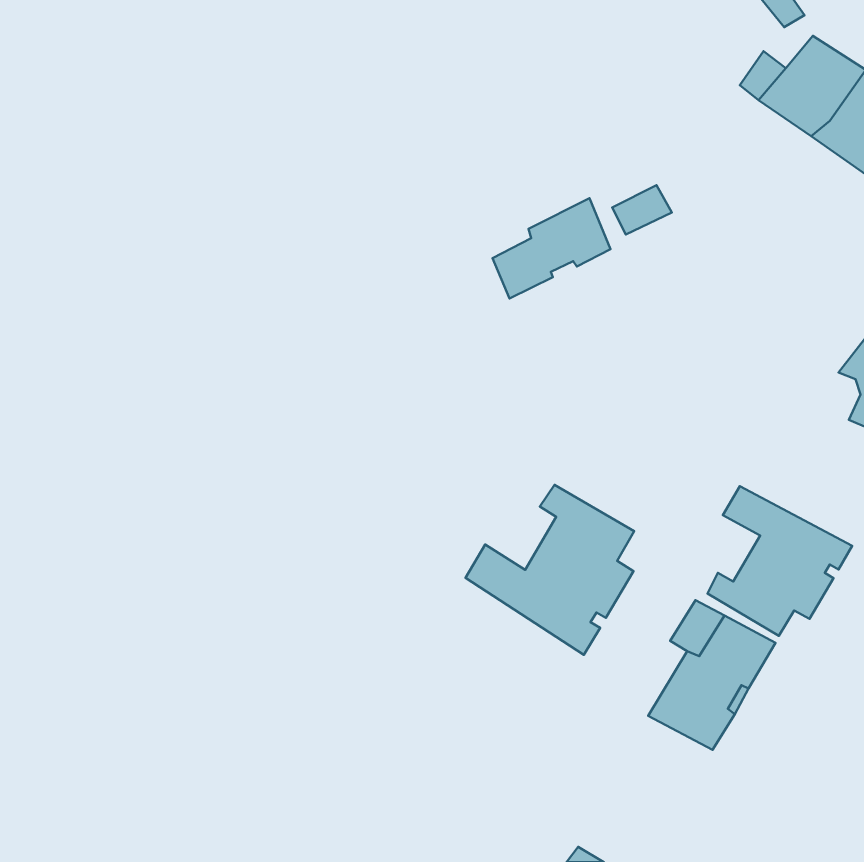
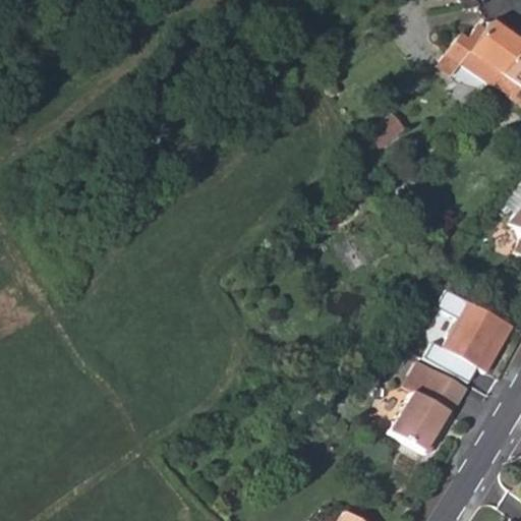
building: [492,198,611,298] -> none
building: [466,485,634,655] -> none

